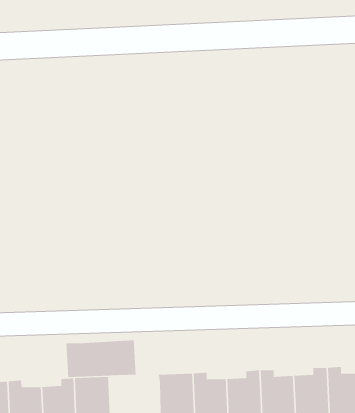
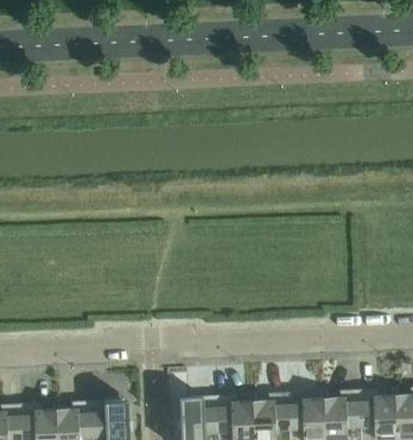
building: [66,340,136,378] -> none

